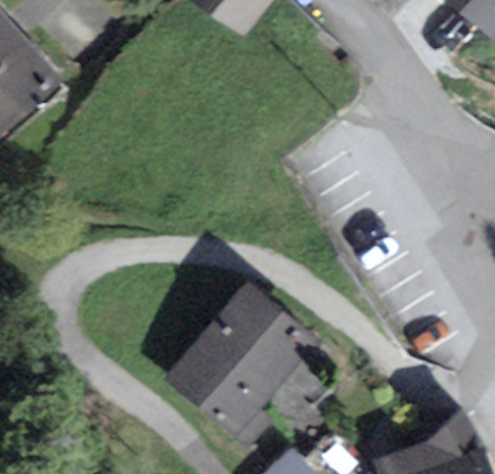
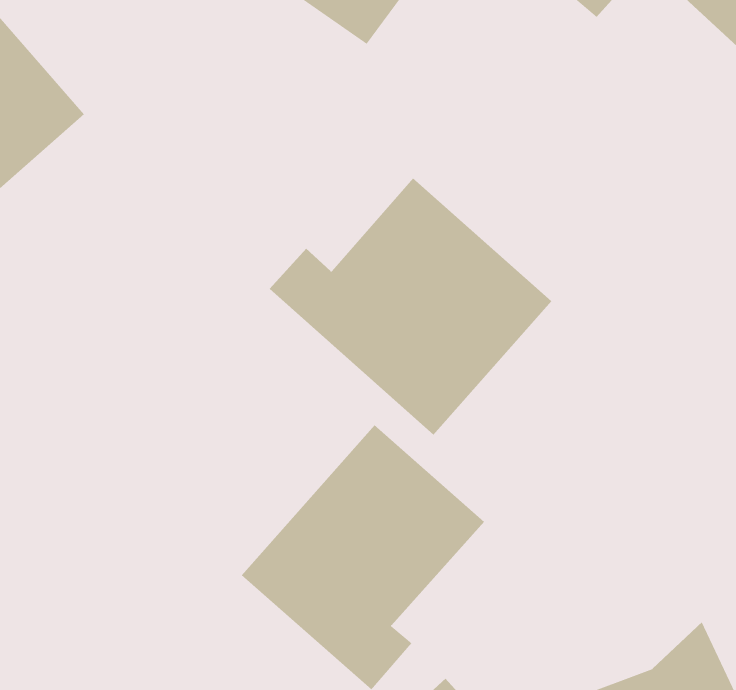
building: none -> [269,177,552,435]

